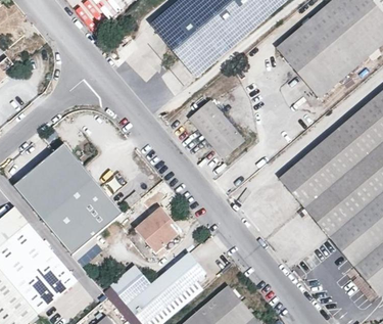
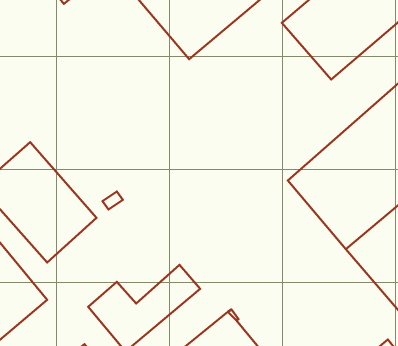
building: [193,102,247,159] -> none
building: [130,206,180,259] -> none

